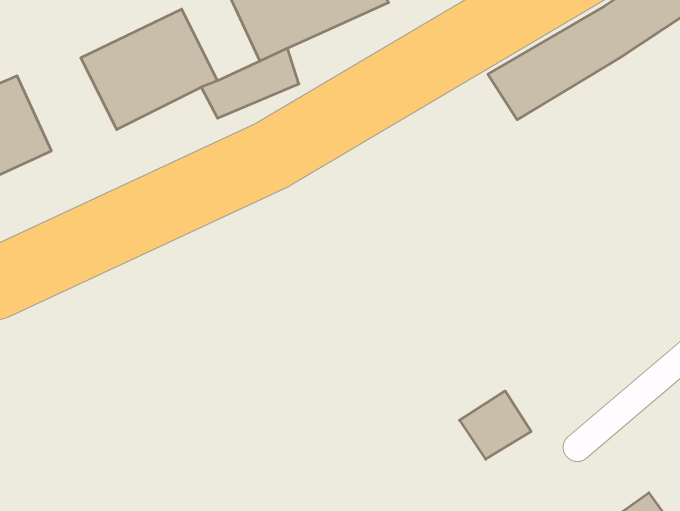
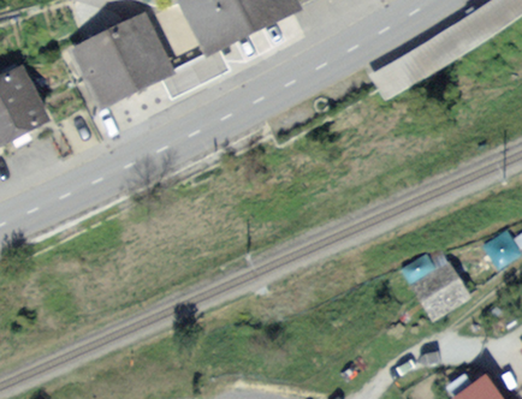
building: [459,391,531,459] -> [419,266,471,316]

